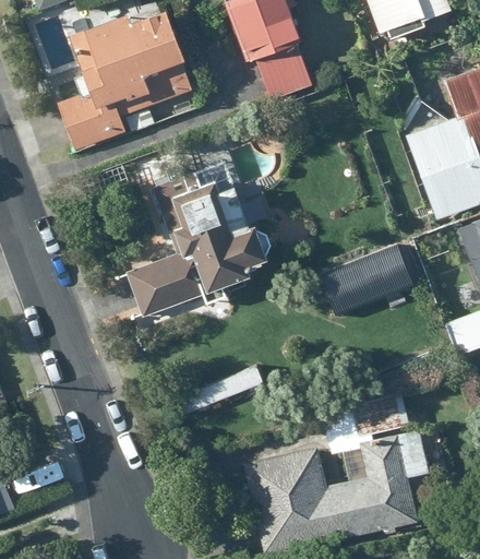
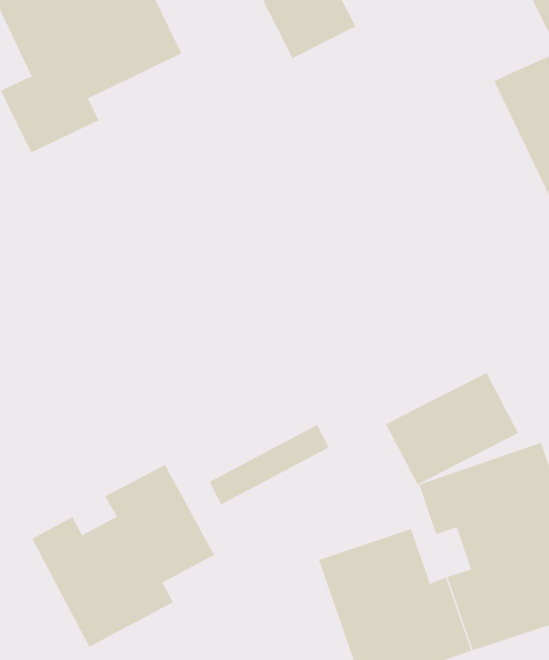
building: [131,168,272,312] -> none
building: [321,243,415,318] -> [385,372,519,485]
building: none -> [32,464,215,647]

